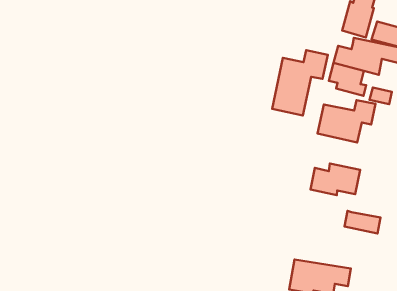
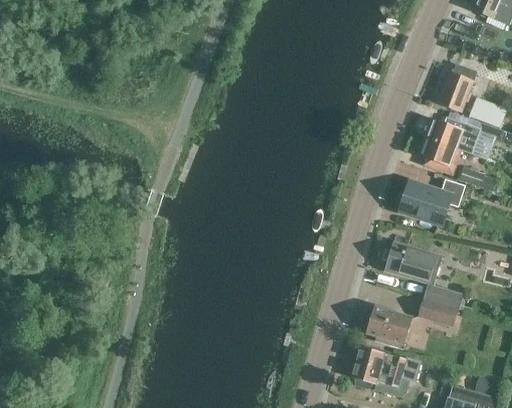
building: [272,50,328,115] -> none
building: none -> [426,285,462,310]
building: none -> [364,306,411,344]

